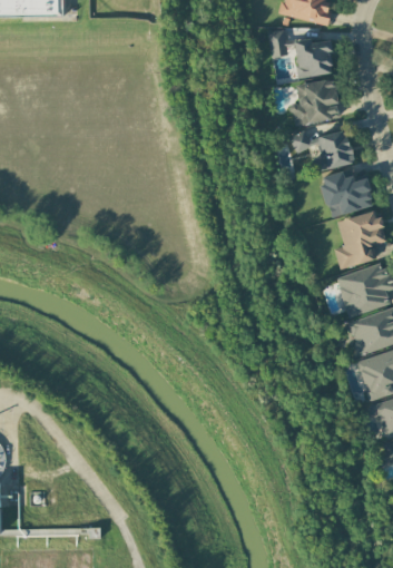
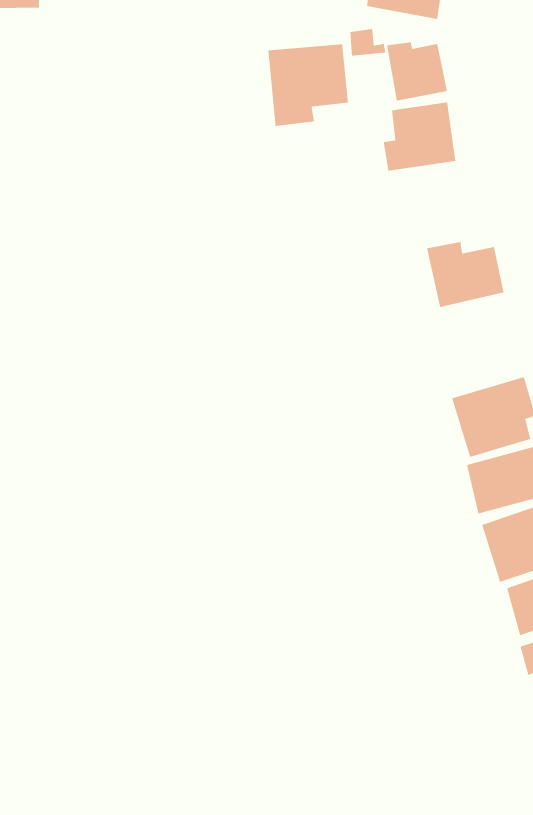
building: none -> [268,43,349,127]
building: [292,130,354,172] -> none
building: [335,209,386,268] -> none

